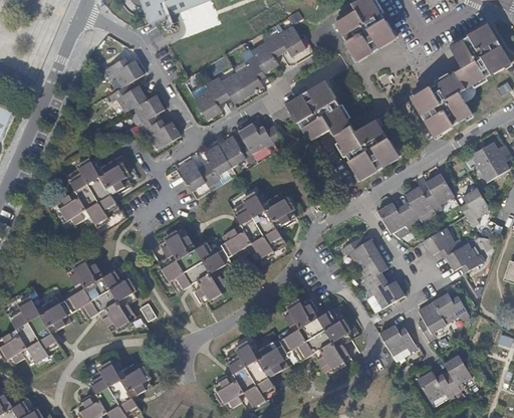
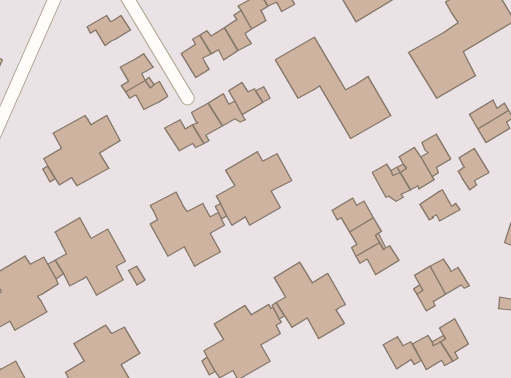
building: [104,83,148,115] -> none
building: [445,244,485,274] -> none
building: [382,324,420,355] -> [383,337,421,369]

